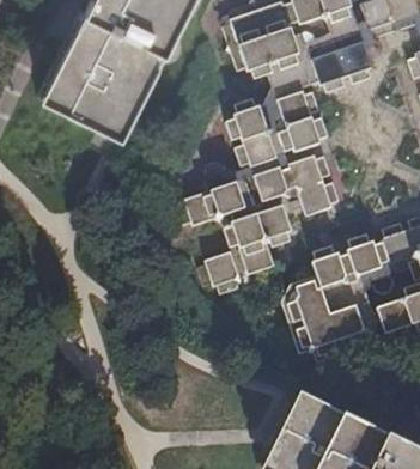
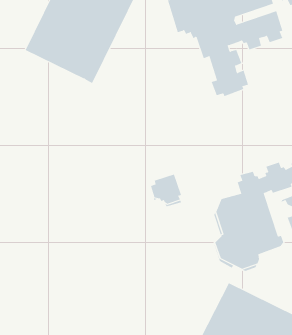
building: [230,98,279,166] -> none
building: [257,154,341,217] -> none
building: [181,181,293,275] -> none

